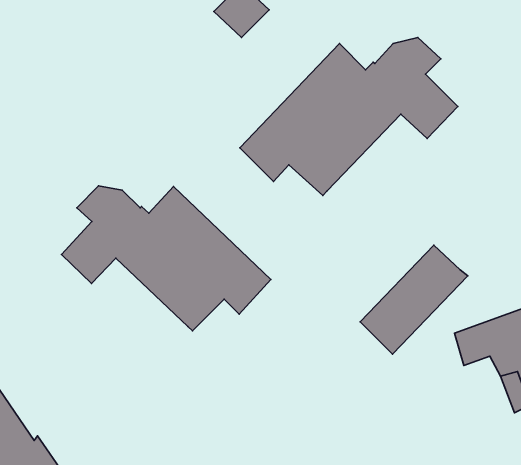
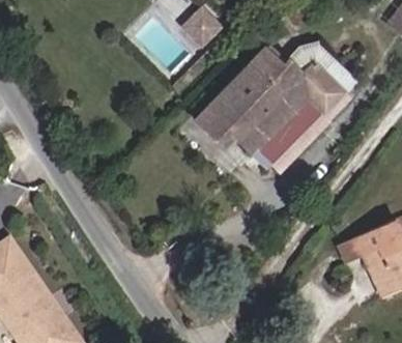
building: [61,186,271,331] -> none
building: [360,245,468,354] -> [257,96,329,170]

